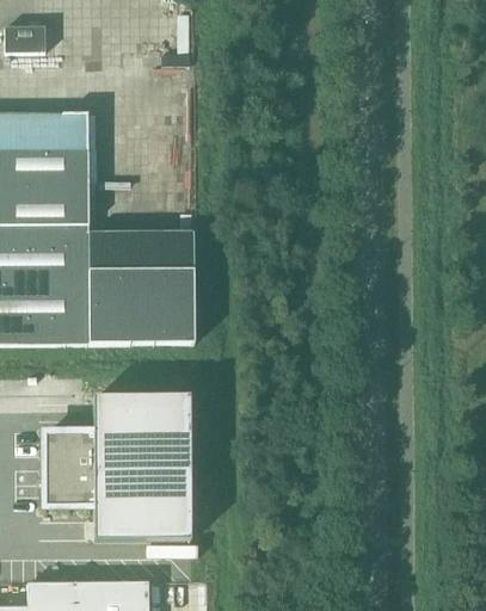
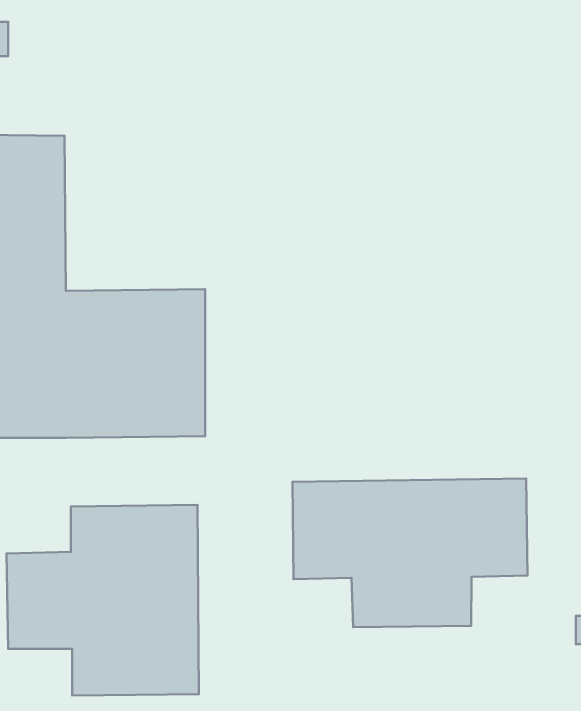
building: none -> [292,478,527,627]

